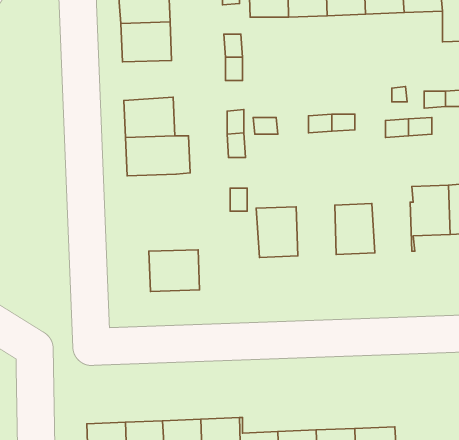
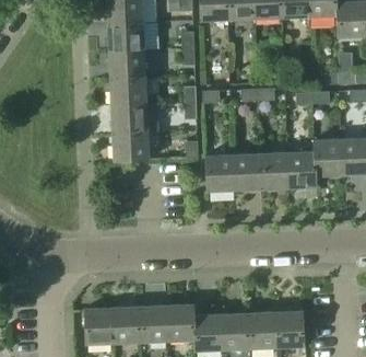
building: none -> [109,50,145,79]
building: none -> [286,151,315,187]
building: none -> [233,153,261,189]
building: [149,250,200,291] -> [113,131,149,161]

